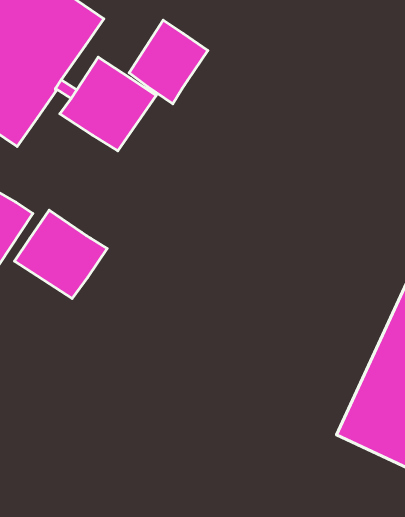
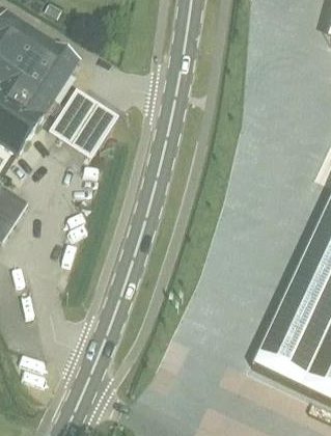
building: [129,20,208,104] -> none
building: [15,210,107,298] -> none

